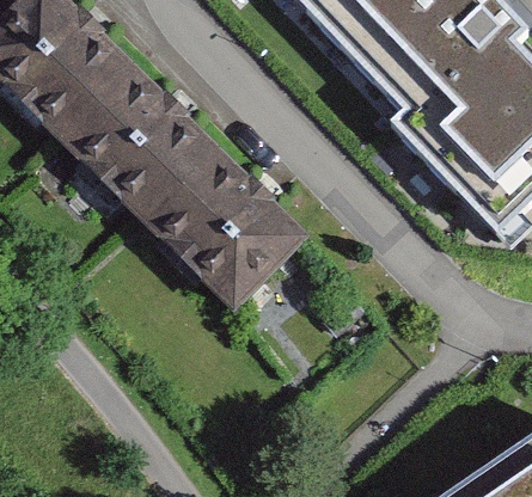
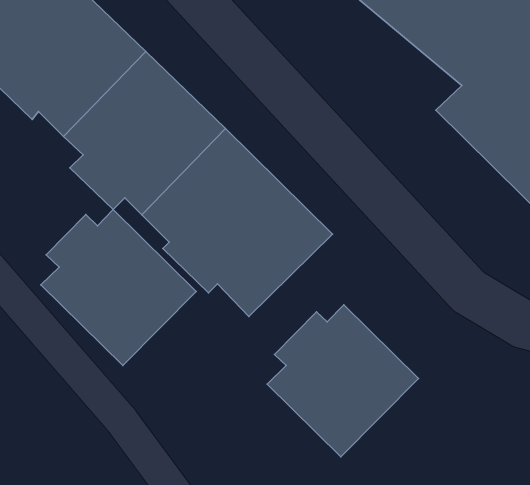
building: none -> [41,209,196,365]
building: none -> [267,305,418,457]

